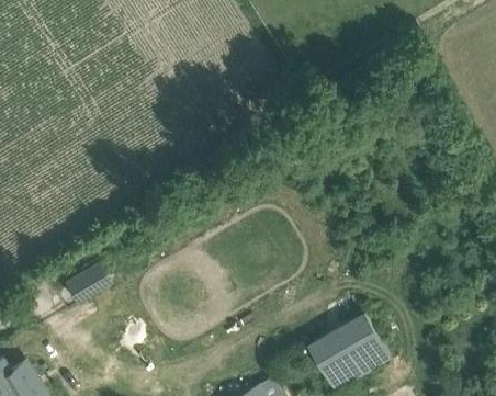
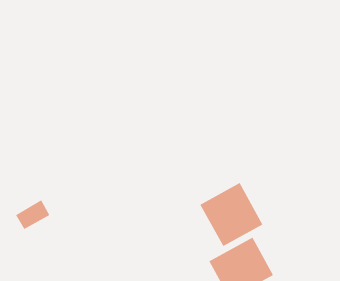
building: none -> [200,182,263,247]

